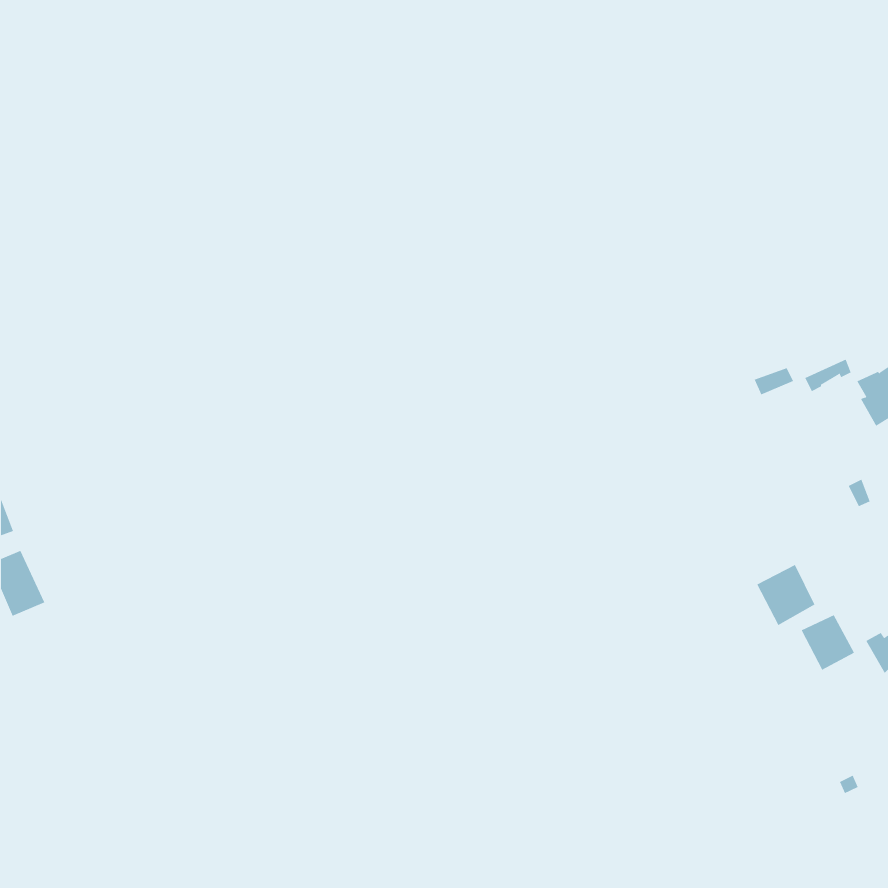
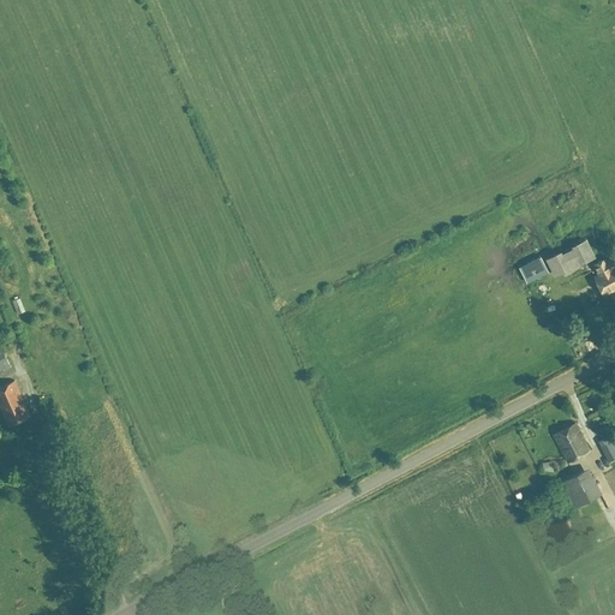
building: [756,564,815,626] -> none
building: none -> [561,472,602,510]

